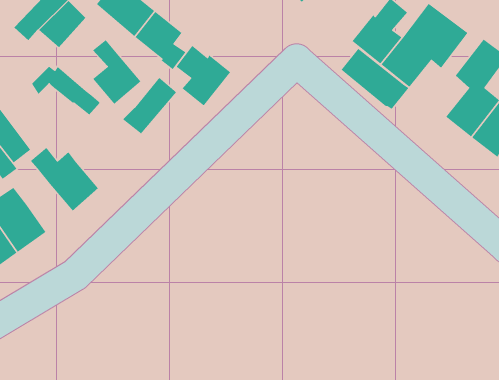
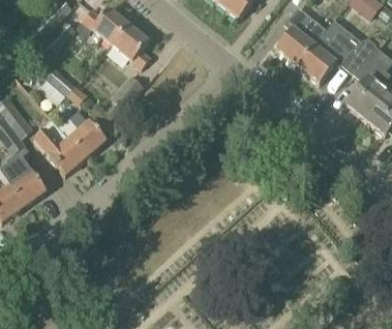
building: [92,39,142,105] -> [68,108,105,157]
building: [175,45,231,106] -> none
building: [341,48,409,110] -> none

